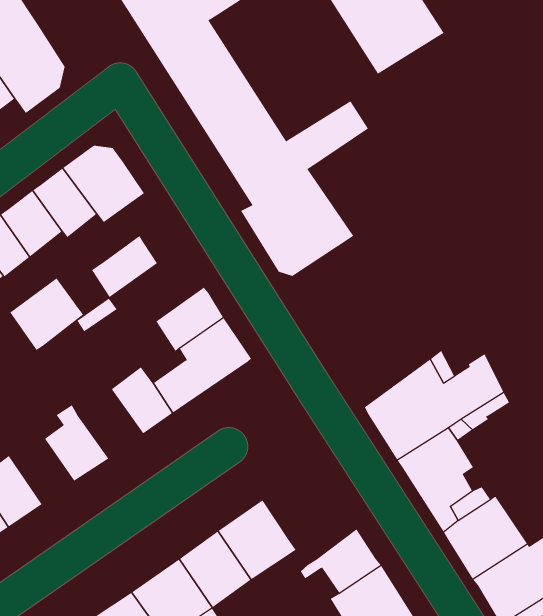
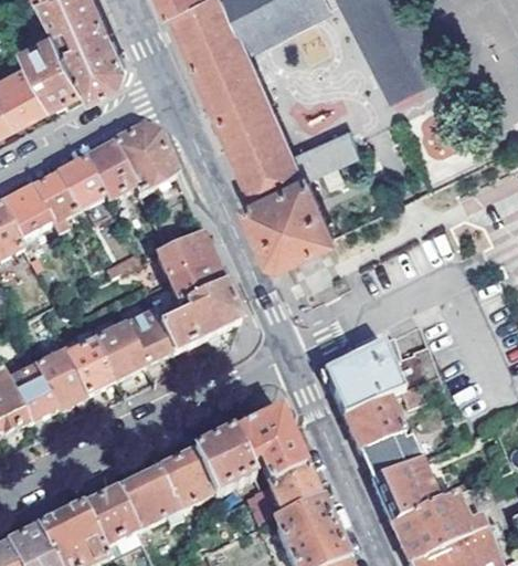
building: [91,235,158,298] -> [155,229,209,275]
building: [10,278,84,351] -> none
building: none -> [93,325,142,379]
building: none -> [33,350,82,408]
building: none -> [231,407,303,484]

